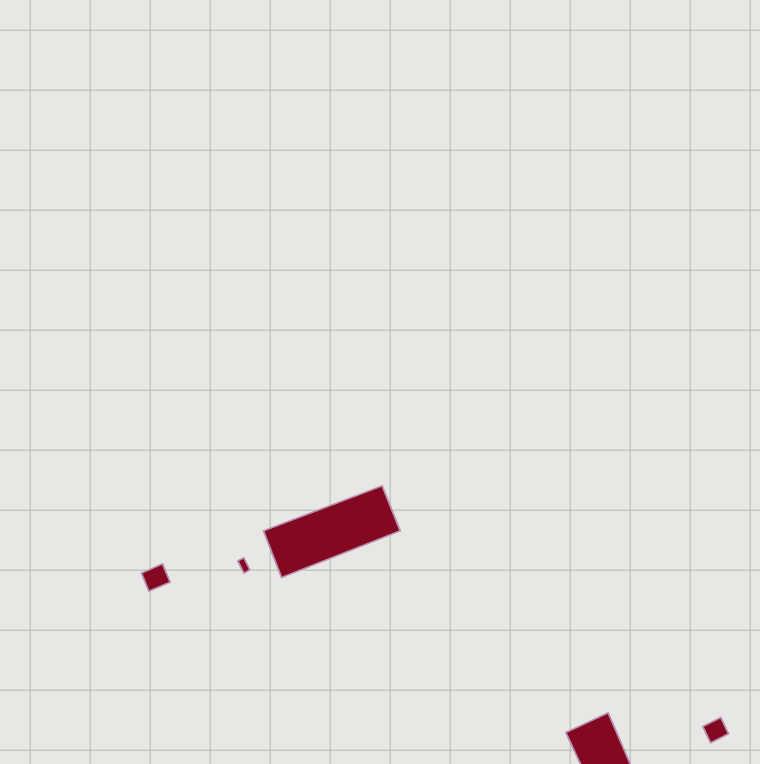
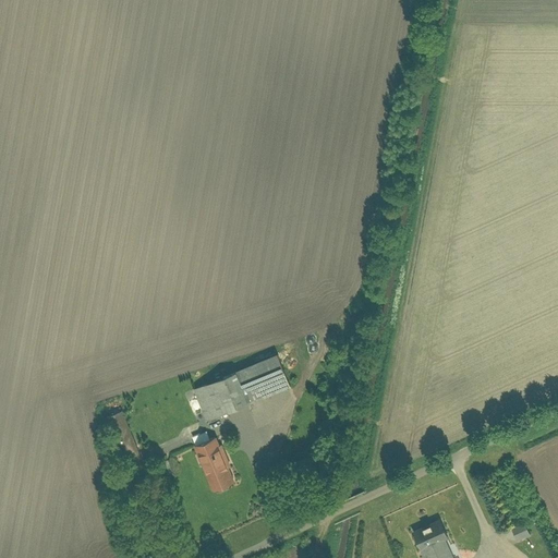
building: none -> [189,430,236,494]

